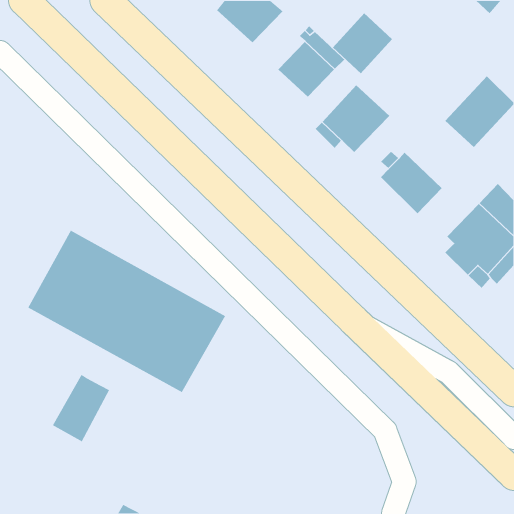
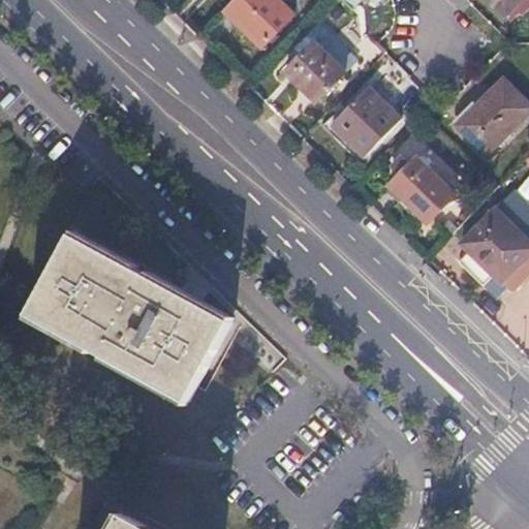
building: [332,12,393,74] -> none
building: [52,374,110,442] -> none

